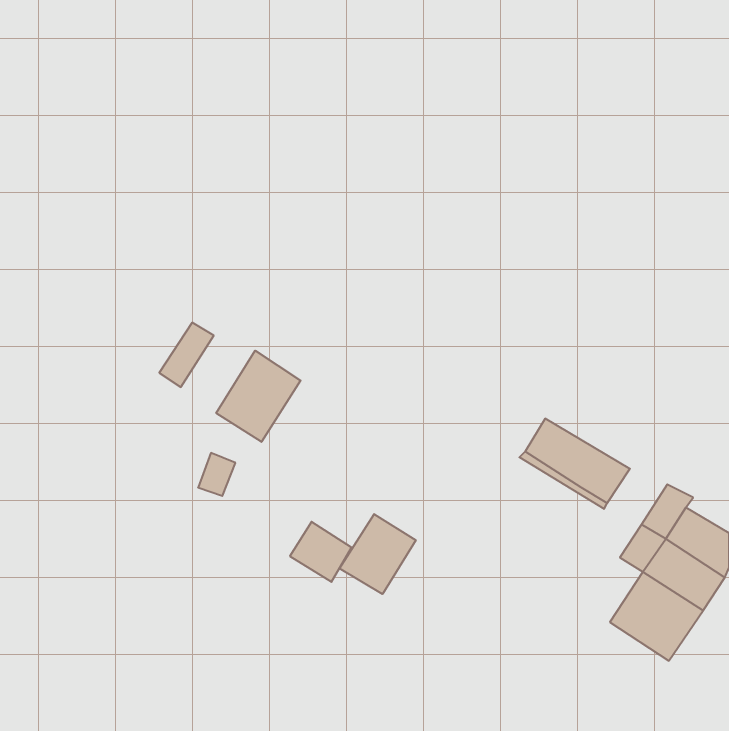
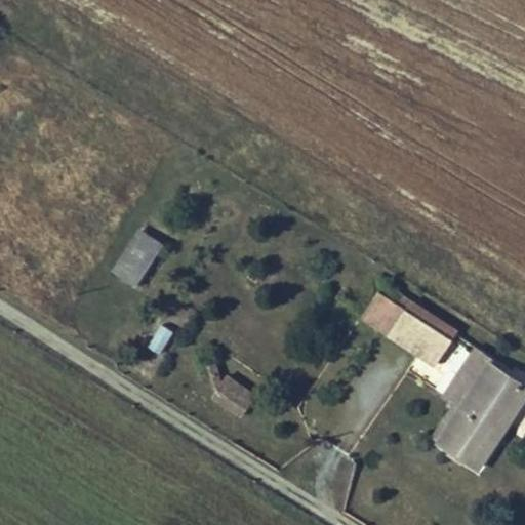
building: [216,351,301,442] -> none
building: [339,514,416,594] -> none

